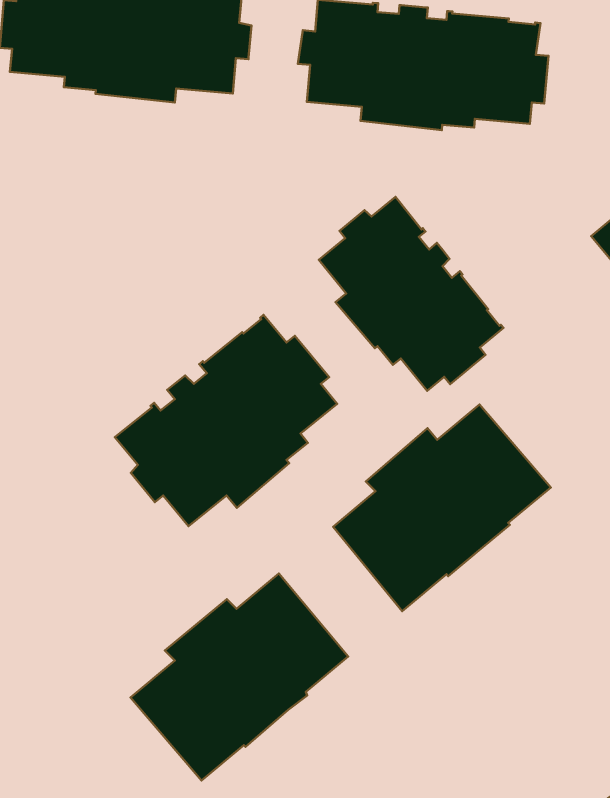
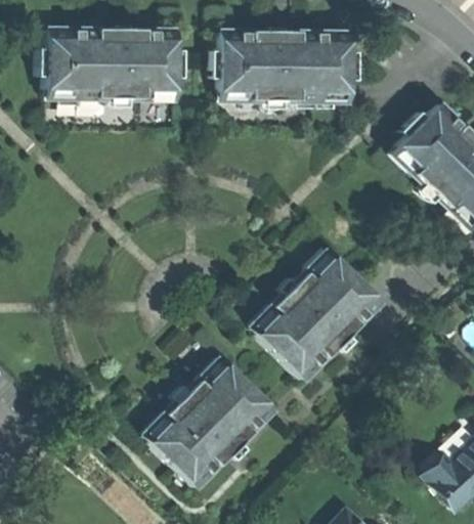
building: [319,197,503,391] -> none
building: [115,315,337,526] -> none

